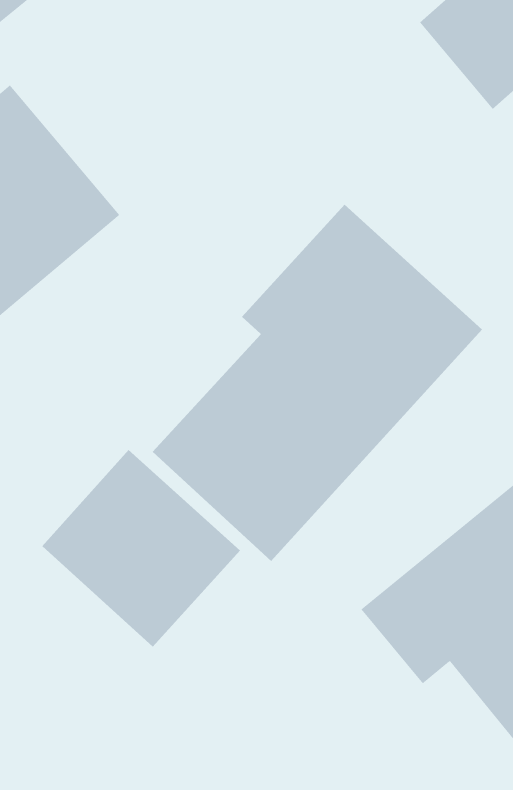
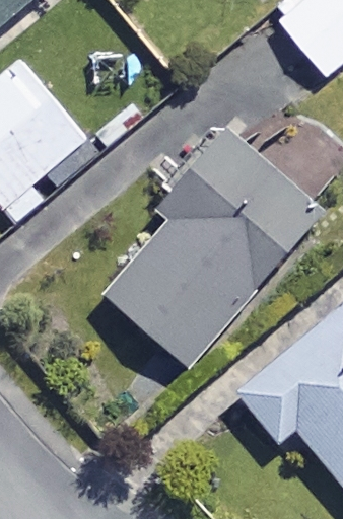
building: [42,449,241,647] -> none

